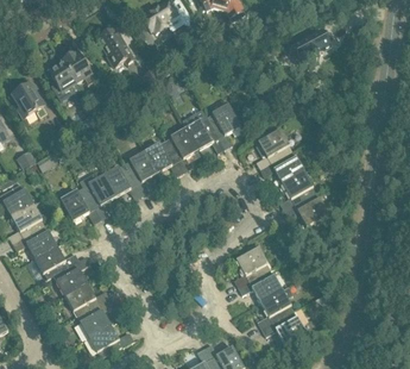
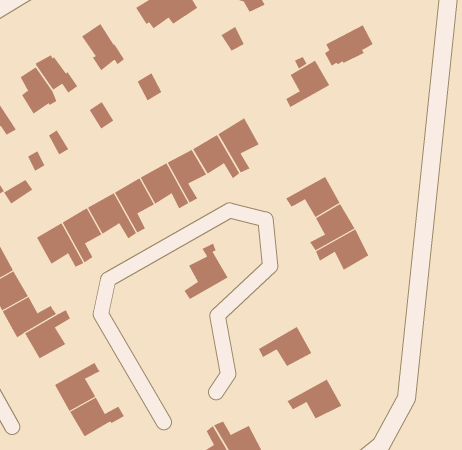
building: [256,130,291,168] -> [285,60,330,108]
building: [233,242,269,287] -> [184,243,229,300]
building: [64,283,108,315] -> none
building: [257,286,292,329] -> none

